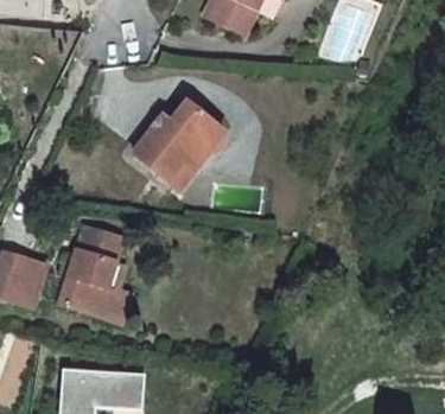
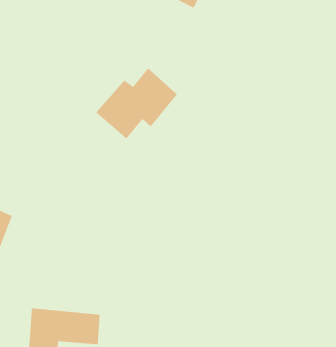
building: [55,224,122,323] -> none

